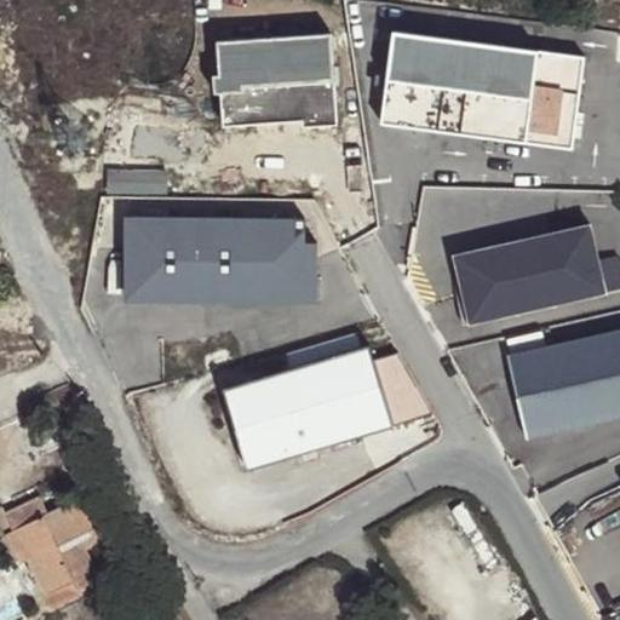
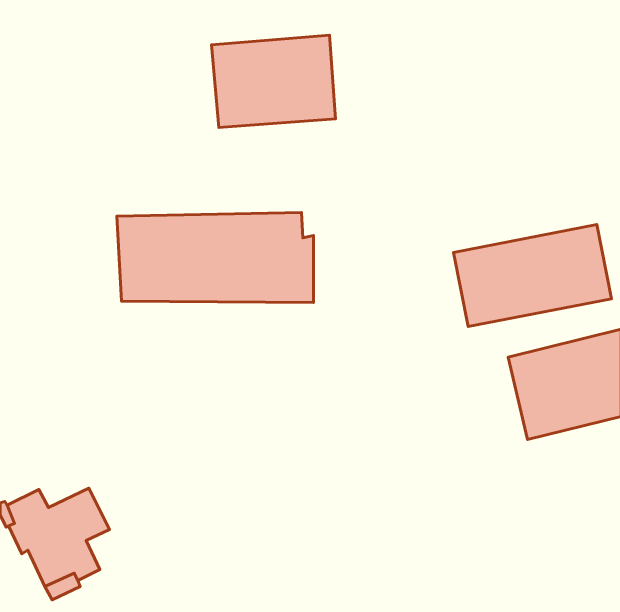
building: [379,33,580,148] -> none
building: [222,346,391,471] -> none

